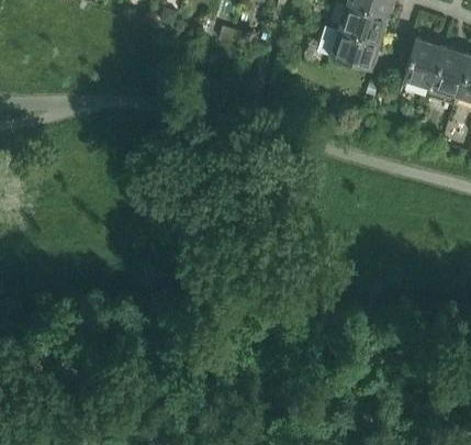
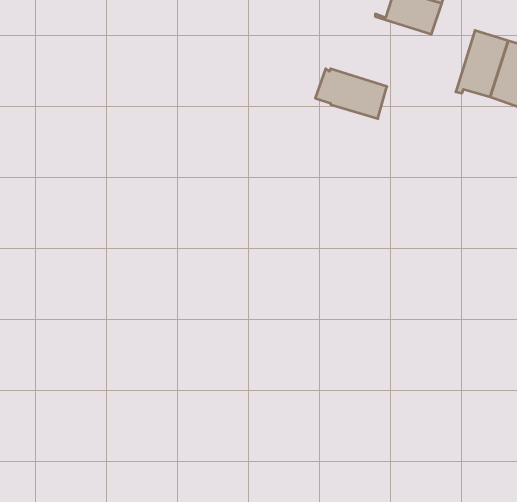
building: [317,26,379,69] -> [315,69,387,119]

